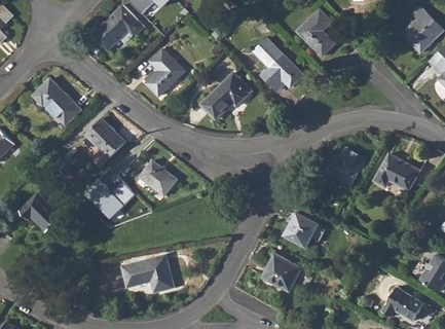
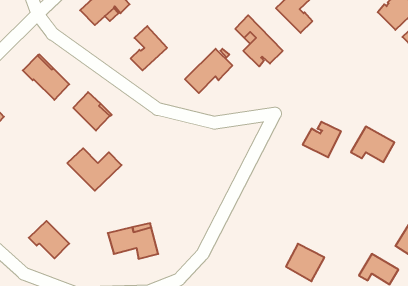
building: [140,160,177,195] -> none
building: [20,192,62,231] -> [29,221,69,258]
building: [285,212,320,247] -> none
building: [262,253,302,292] -> [286,244,324,281]

